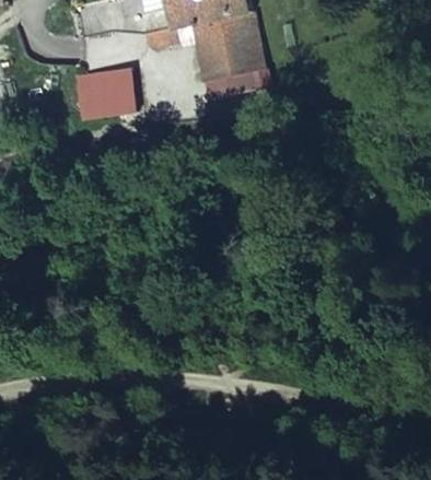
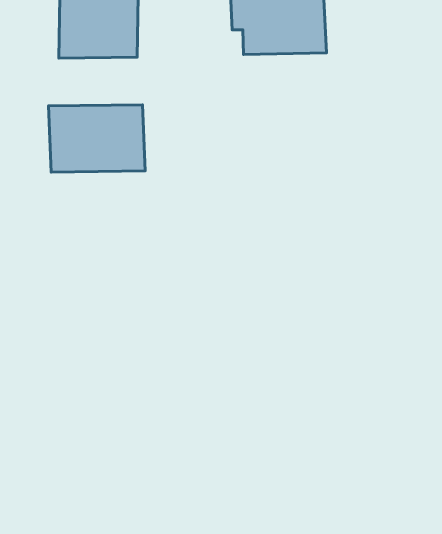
building: none -> [49,105,145,172]

